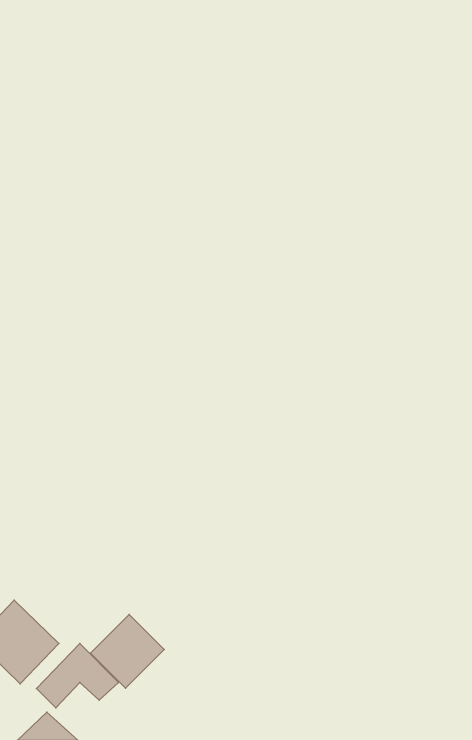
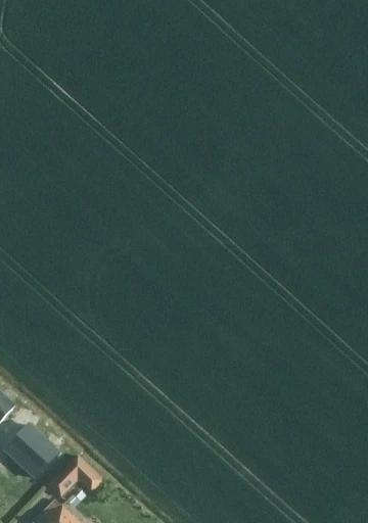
building: [90,614,164,688] -> none

